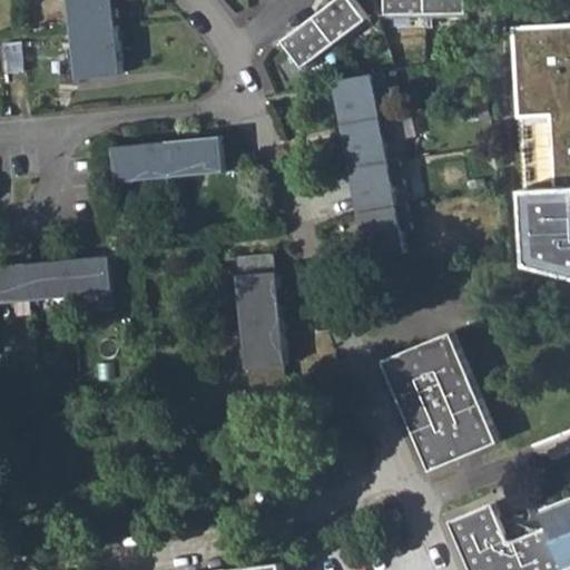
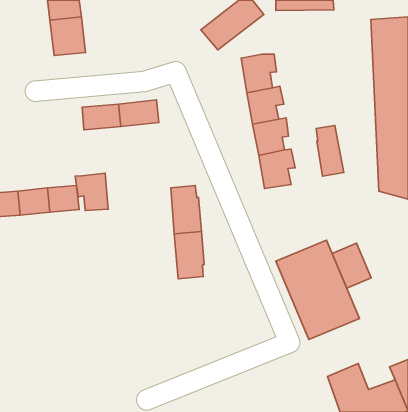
building: none -> [316,125,344,176]
building: none -> [75,173,108,211]
building: none -> [332,243,371,288]

